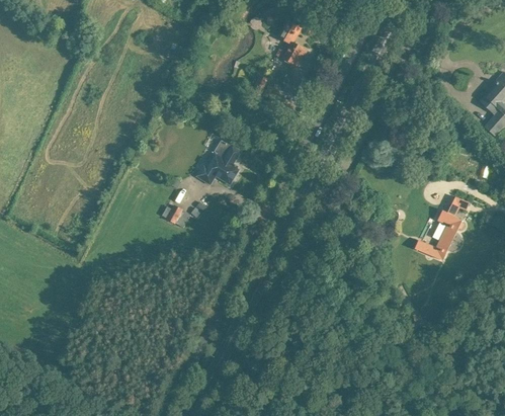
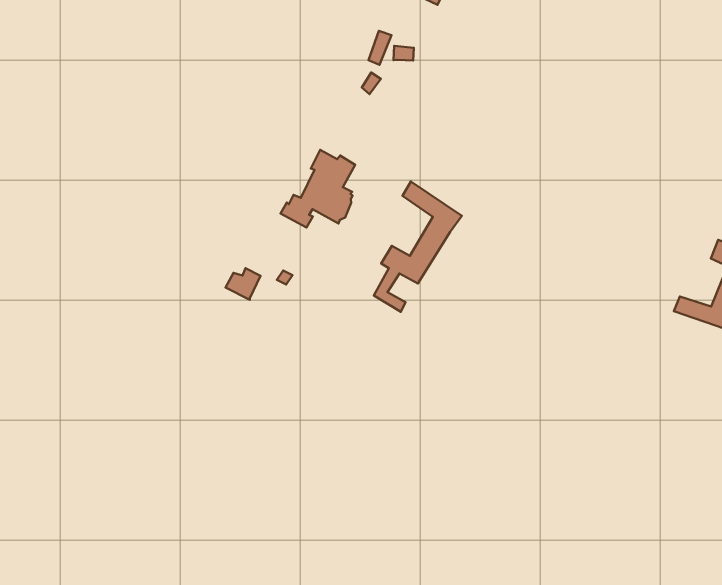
building: none -> [374,182,462,312]

